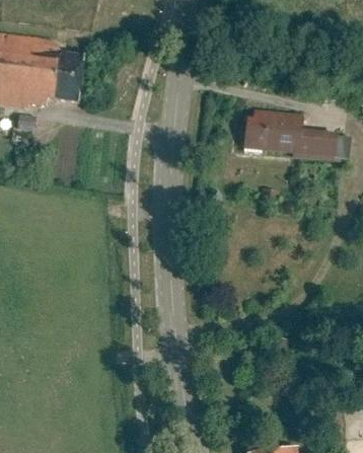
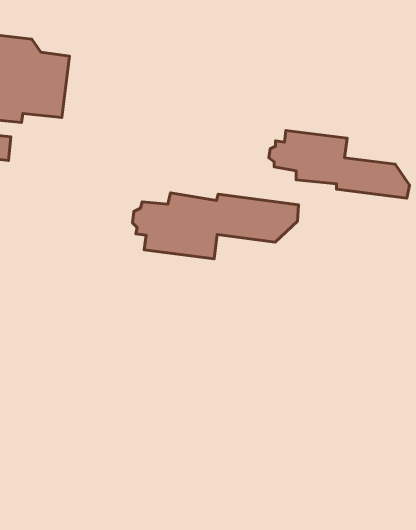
building: none -> [132,193,298,259]

